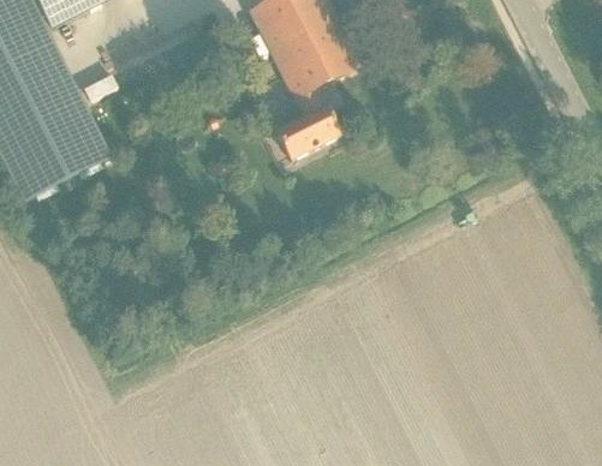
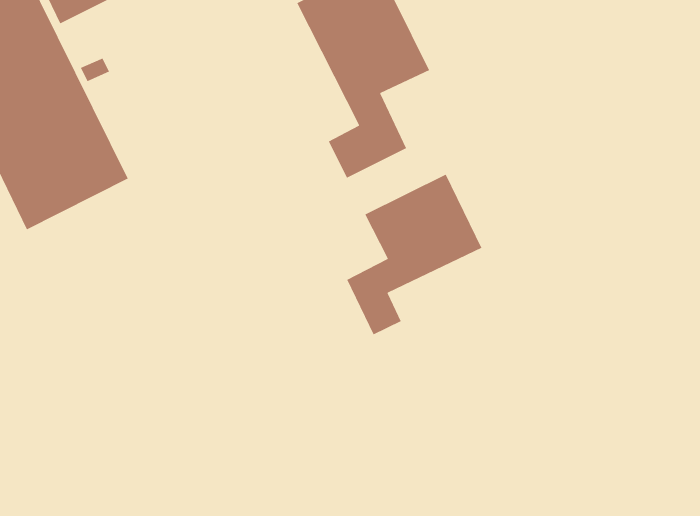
building: none -> [346,174,482,335]

